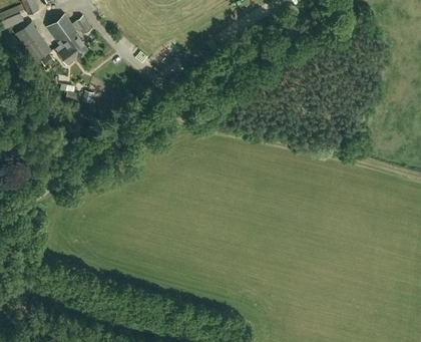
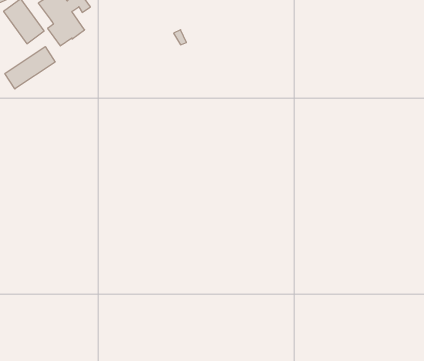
building: none -> [5,47,55,89]

